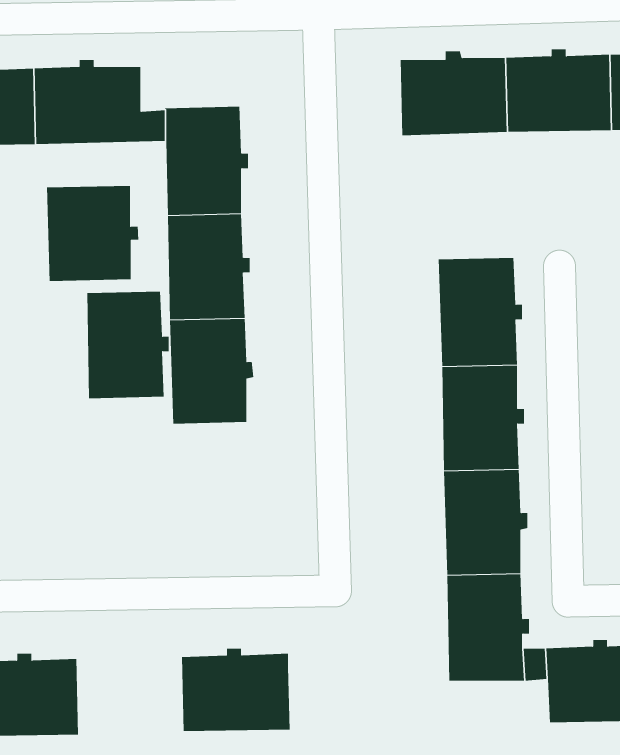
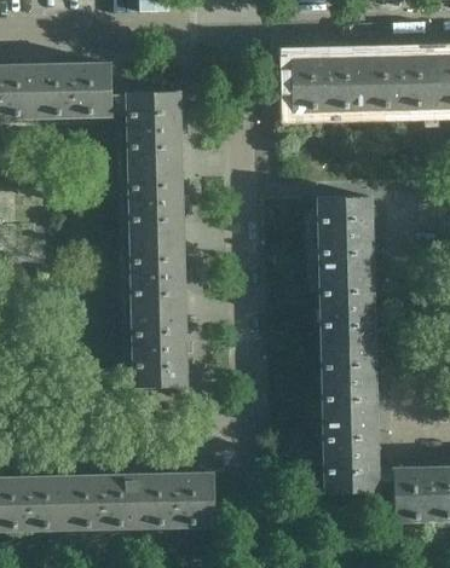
building: [47,185,139,282] -> none
building: [86,291,170,399] -> [131,312,189,387]
building: none -> [64,470,138,529]

